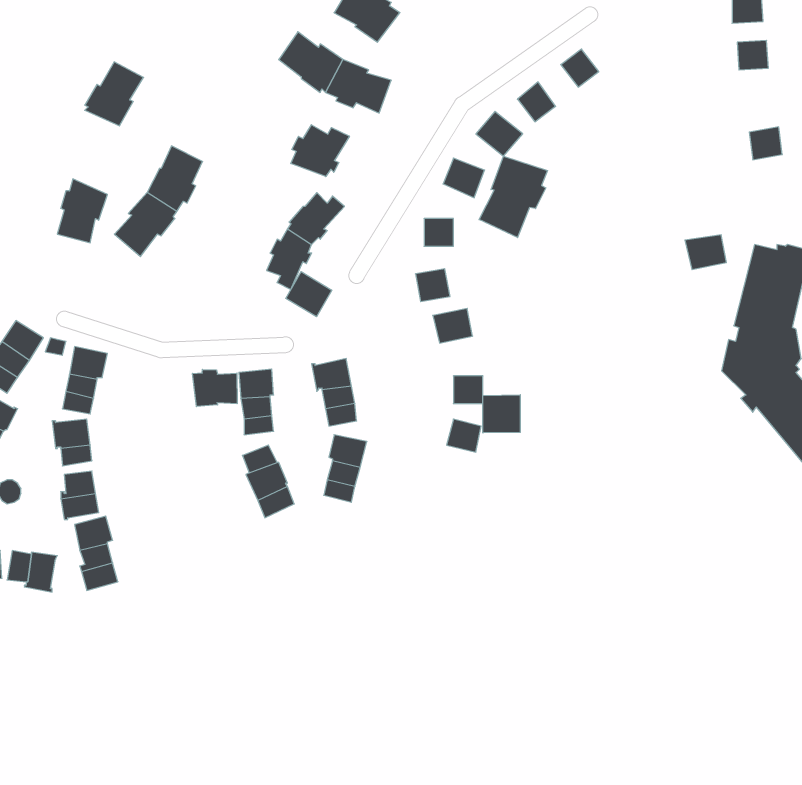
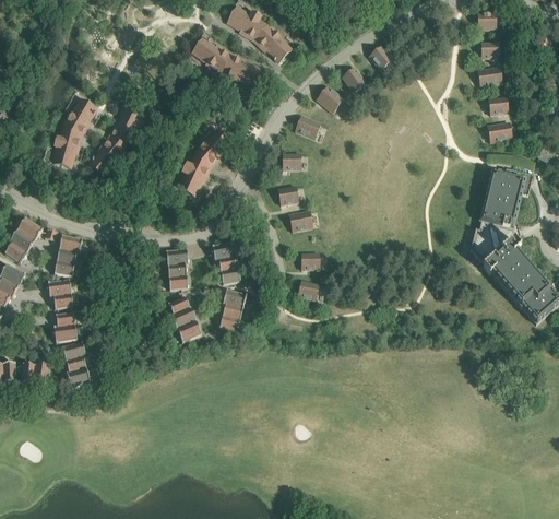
building: none -> [253,23,294,63]
building: [85,62,144,126] -> [61,97,98,138]
building: none -> [477,66,502,87]
building: [291,125,349,177] -> none
building: [479,156,548,238] -> none
building: [685,235,726,270] -> [486,121,512,143]
building: [286,272,332,317] -> none
building: [193,369,237,407] -> none
building: [483,395,520,433] -> none

